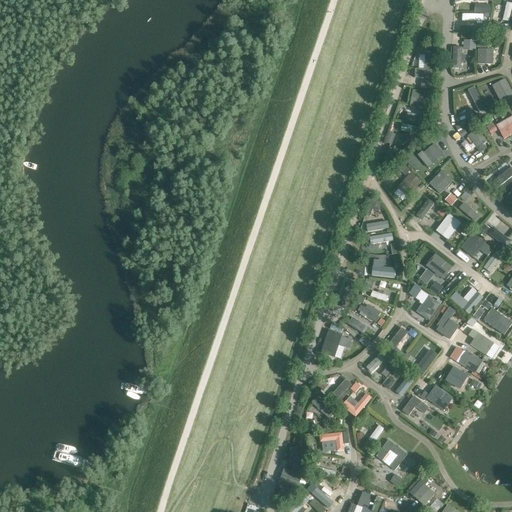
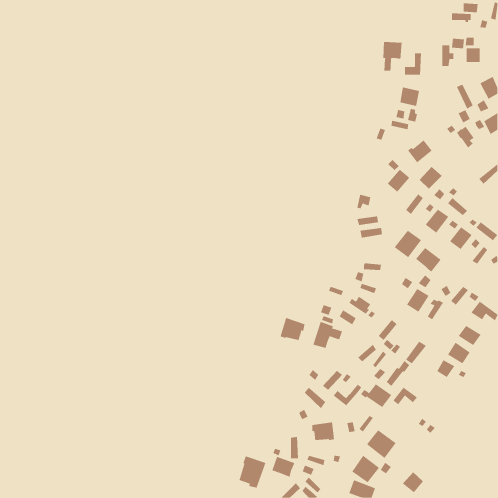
building: none -> [383,41,402,71]
building: none -> [394,230,422,258]
building: none -> [280,317,305,341]
building: [419,385,452,410] -> [360,383,392,408]
building: none -> [351,455,380,483]
building: none -> [239,455,266,488]

